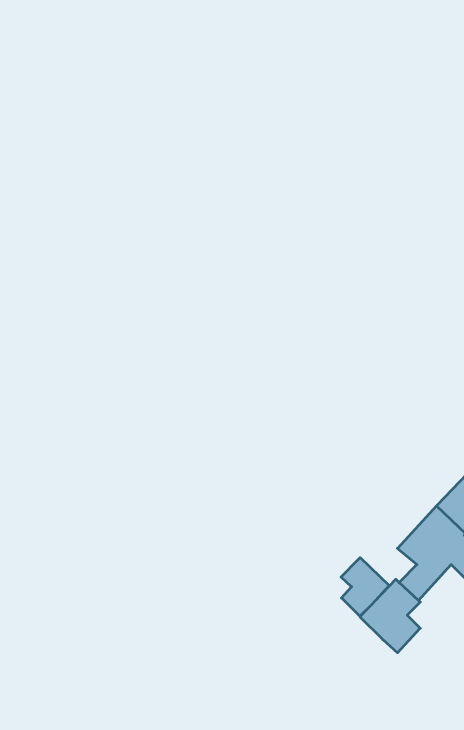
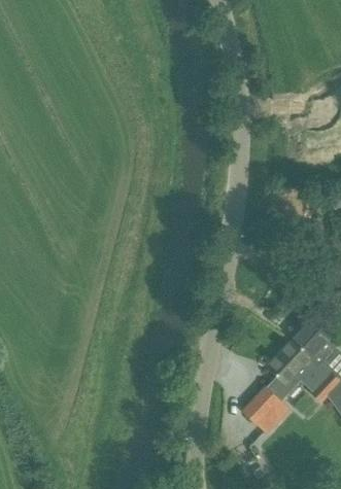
building: [341,558,389,616] -> none

